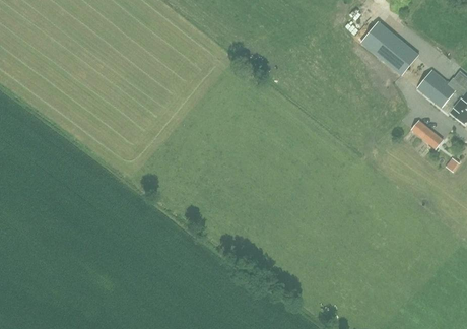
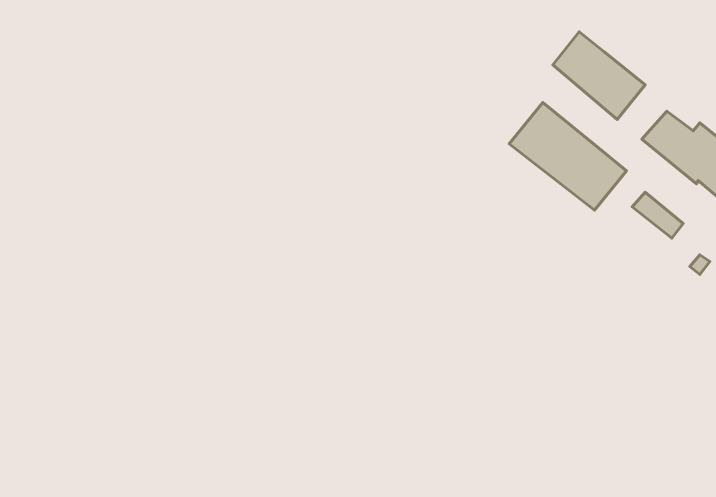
building: none -> [509,103,627,210]

